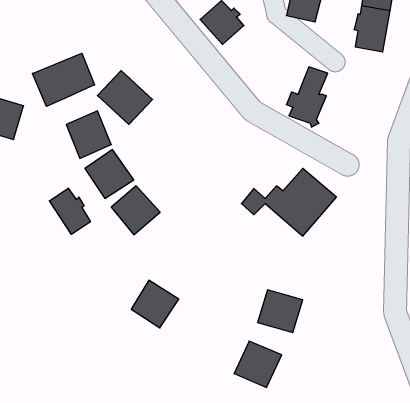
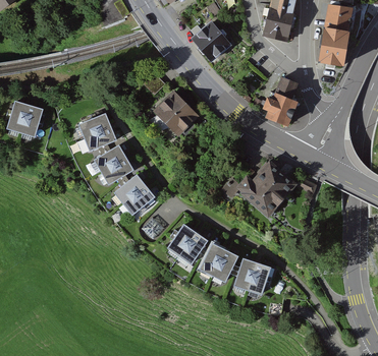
building: [32,53,95,106] -> none
building: [97,71,153,124] -> [157,91,202,134]
building: [49,188,90,234] -> none
building: [131,280,179,328] -> [173,224,212,262]
building: [234,341,282,387] -> [205,243,244,281]

